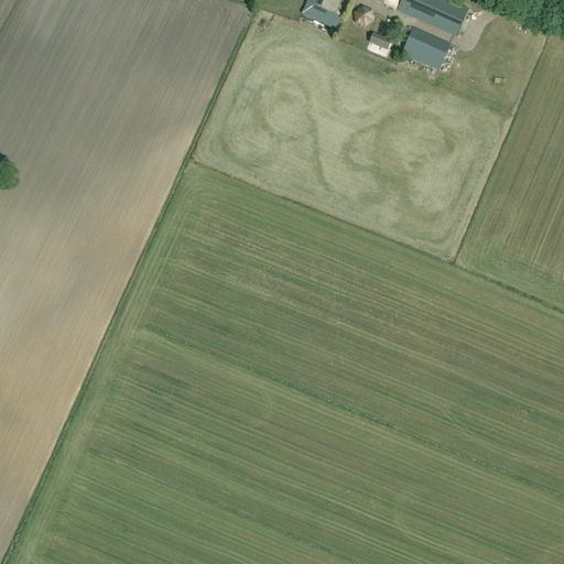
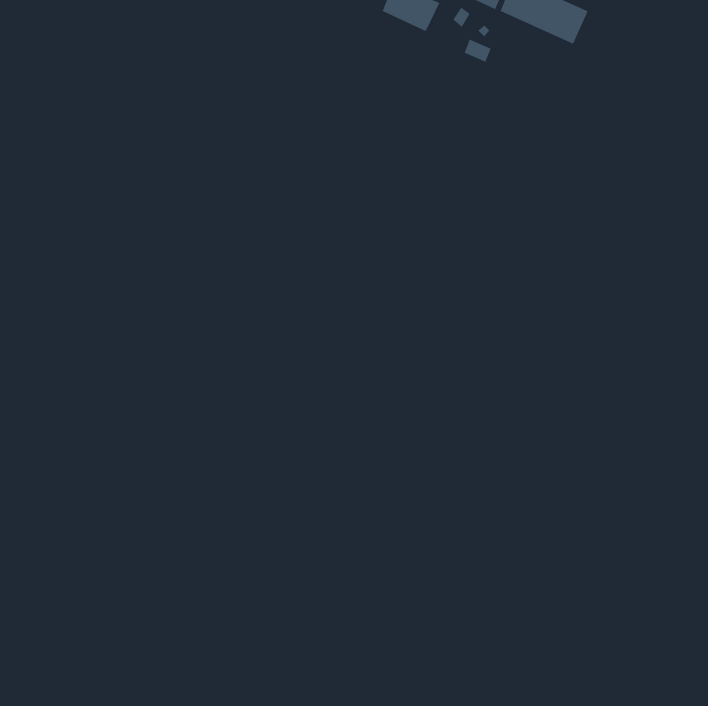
building: [401,28,448,69] -> none

